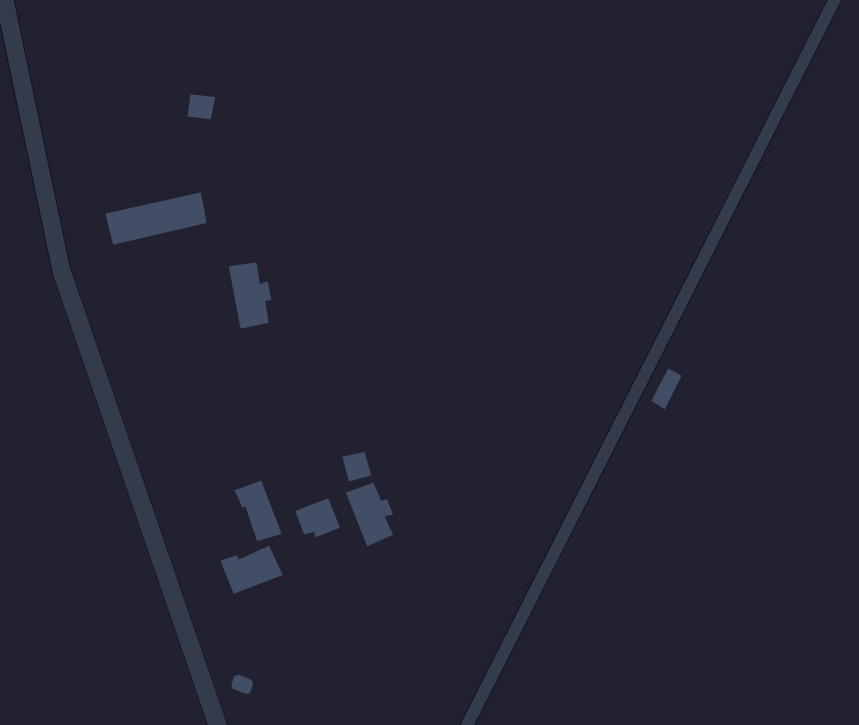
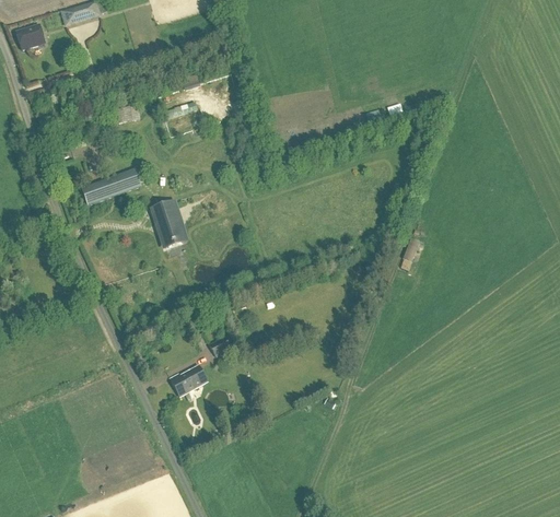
building: [234,480,282,542] -> none
building: [345,482,394,547] -> none

